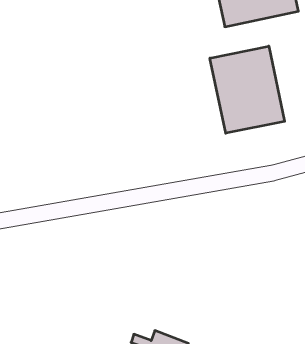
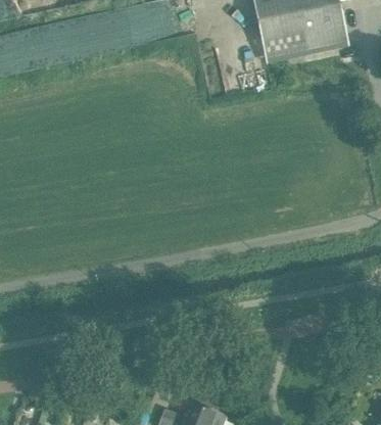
building: [210,46,285,133] -> none

